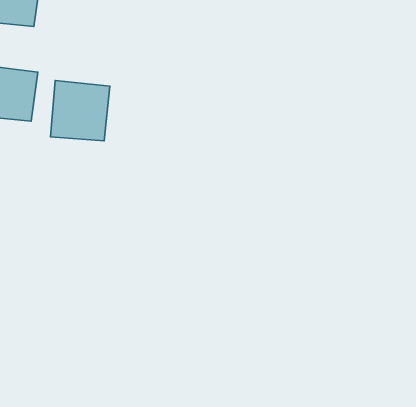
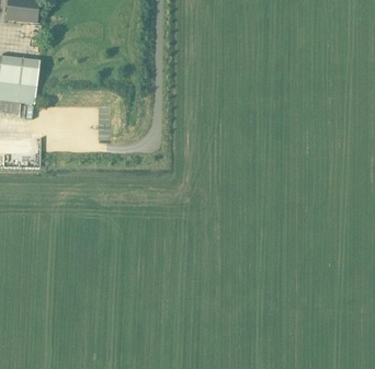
building: [50,81,110,141] -> none

